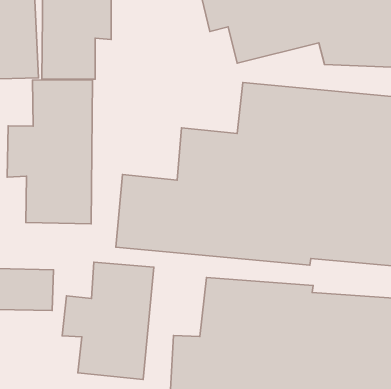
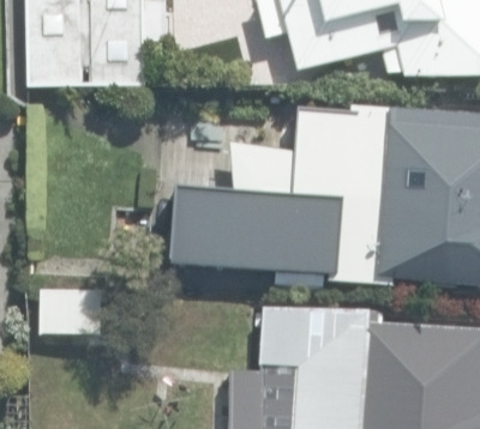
building: [7,80,92,224] -> none
building: [62,262,154,379] -> none

